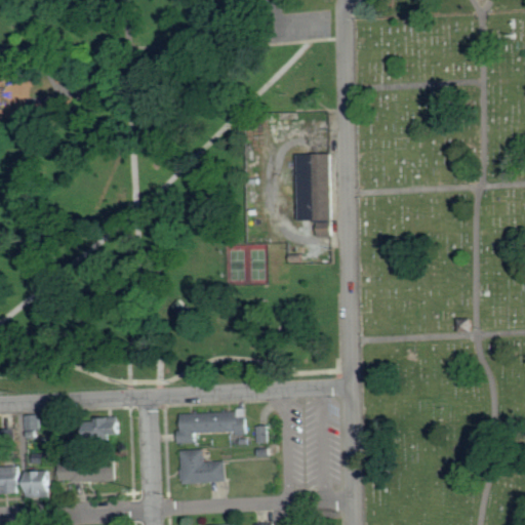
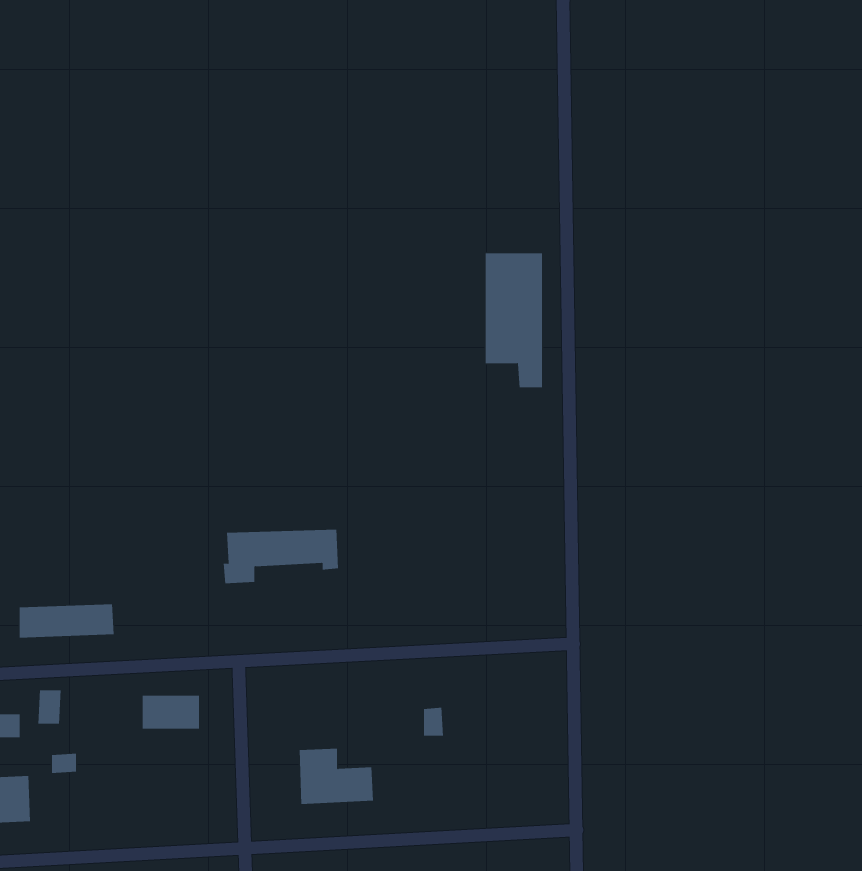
building: [176,411,246,444] -> [223,529,339,584]
building: [58,462,116,483] -> [19,604,115,638]
building: [24,472,52,498] -> none

